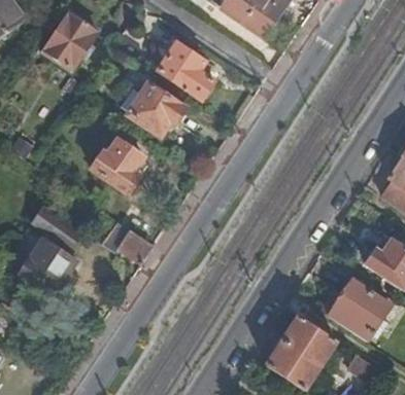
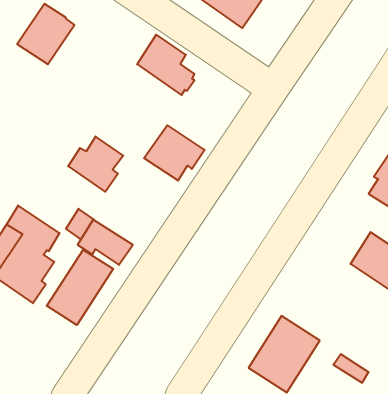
building: [127,82,185,136] -> [144,125,205,181]
building: none -> [47,250,113,325]
building: [327,279,390,340] -> none

